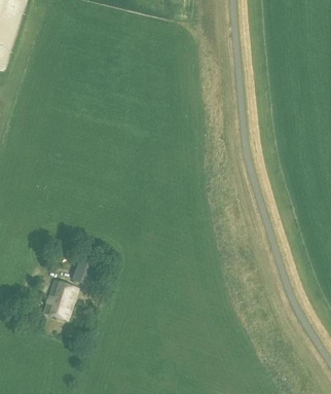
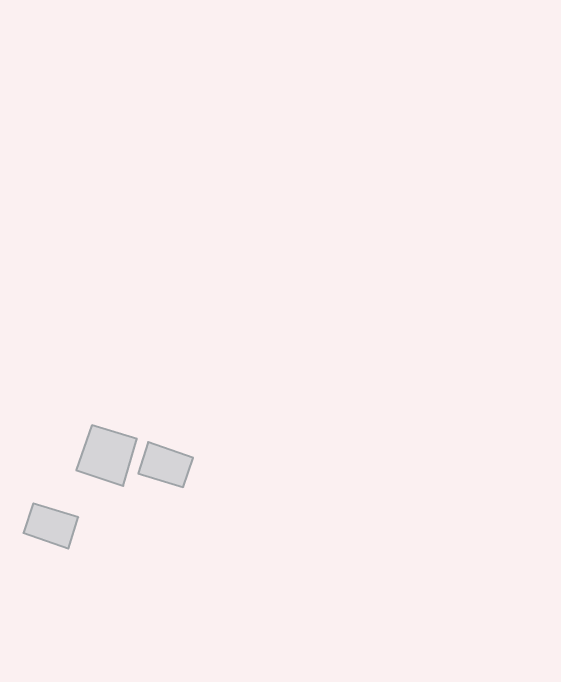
building: [48,279,77,302] -> [138,442,193,487]

